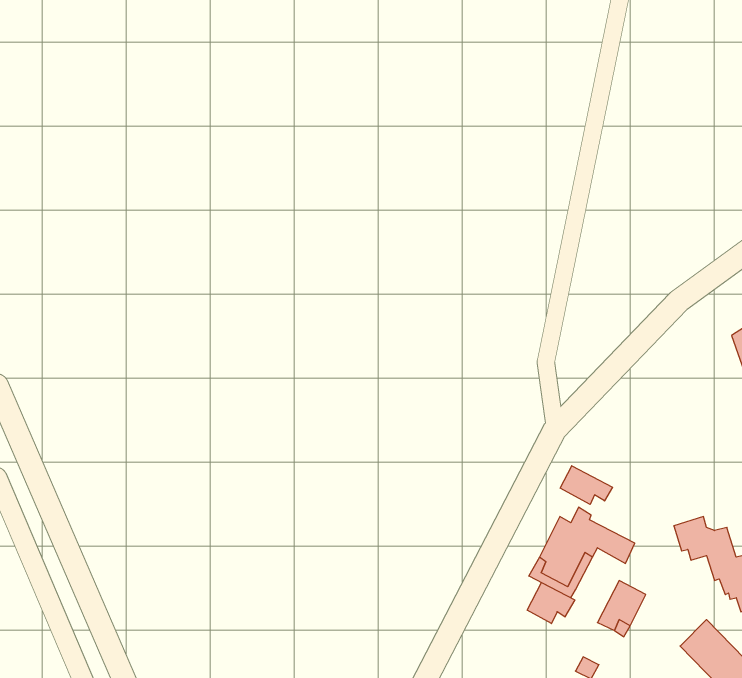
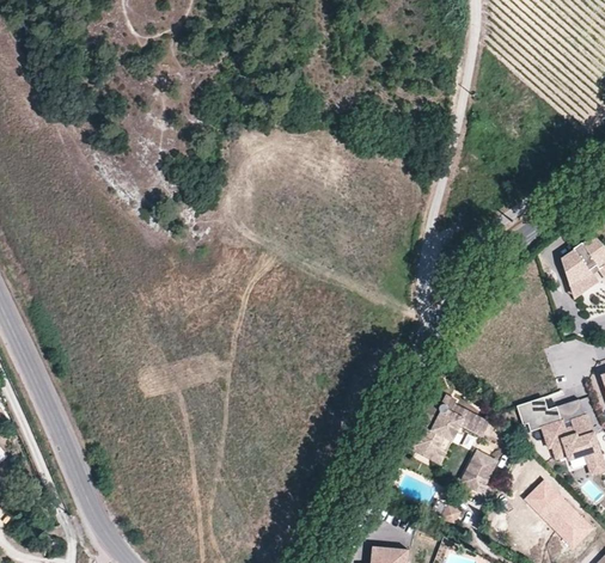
building: [560,466,613,504] -> none
building: [527,583,575,624] -> none

